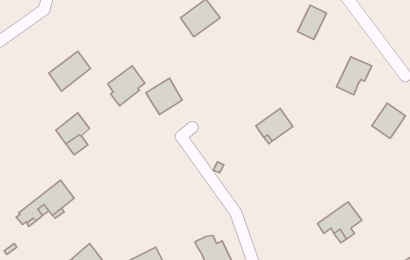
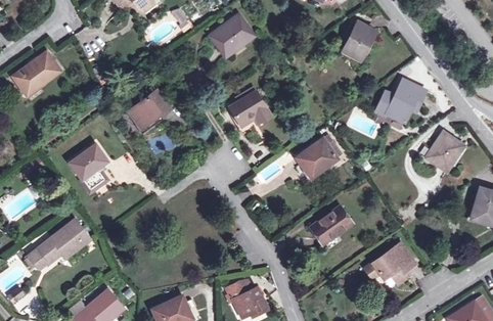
building: [49,51,90,91] -> [12,51,59,96]
building: [146,78,182,115] -> [229,90,270,131]
building: none -> [310,207,352,245]

